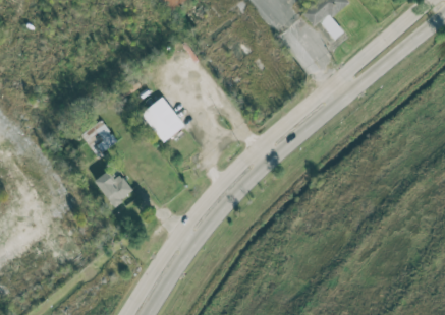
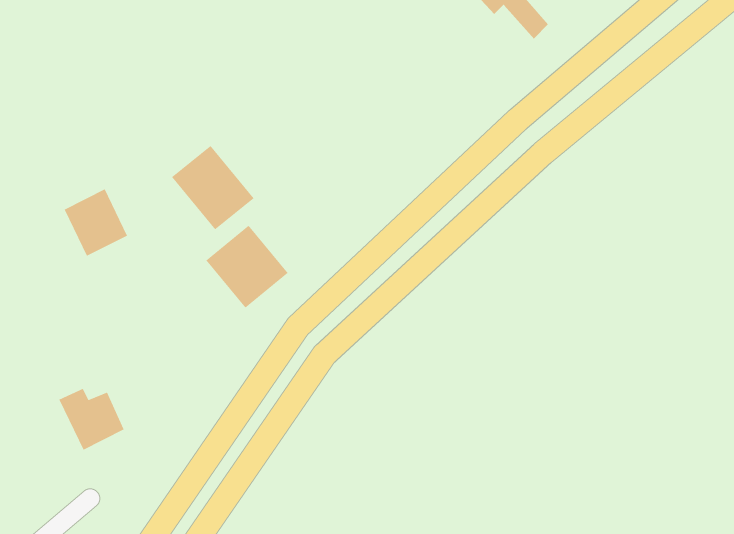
building: none -> [205,225,289,308]
building: [96,172,131,205] -> [58,388,125,450]

